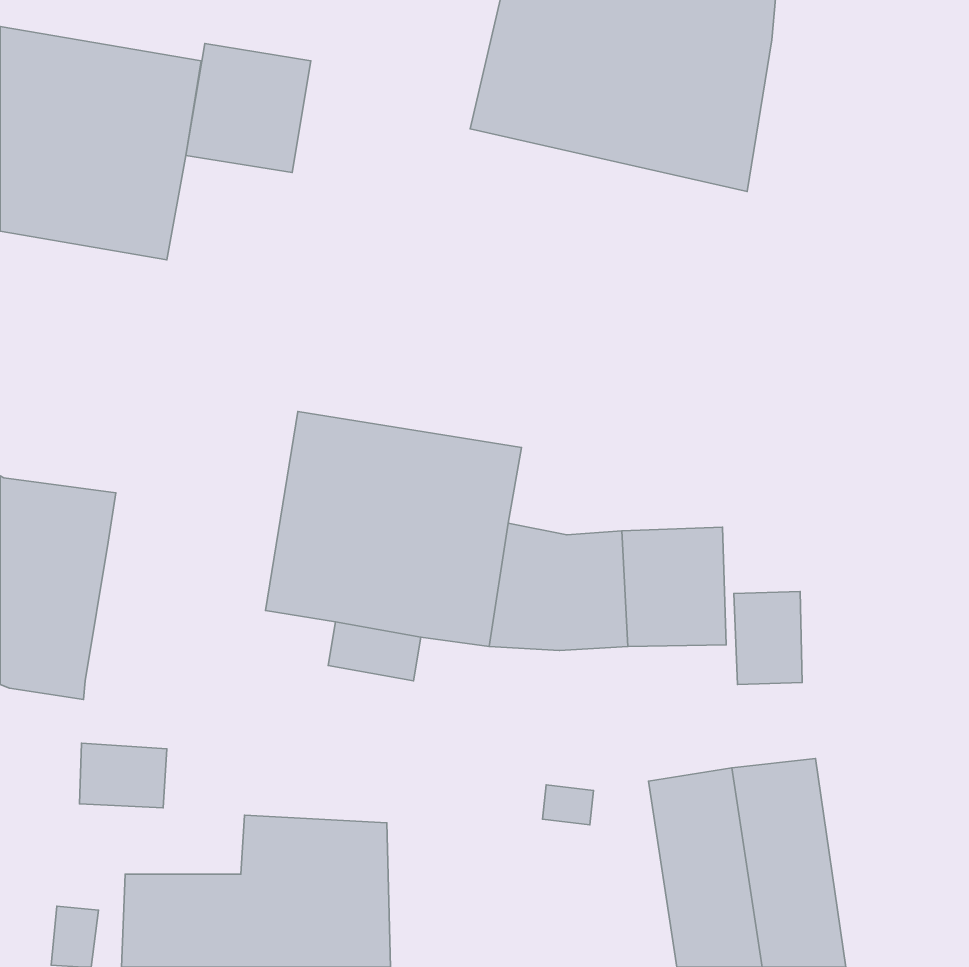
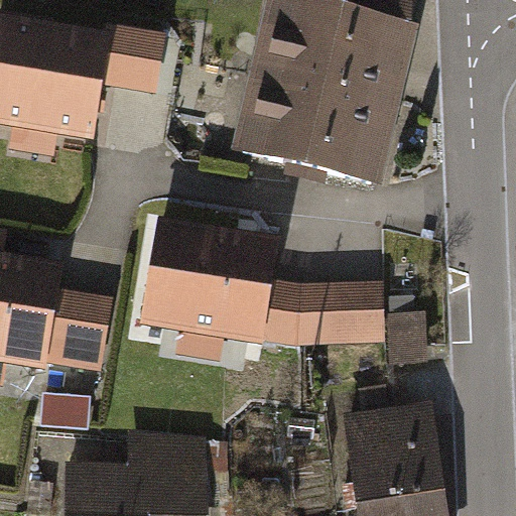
building: none -> [231,69,397,185]
building: none -> [45,288,112,371]

